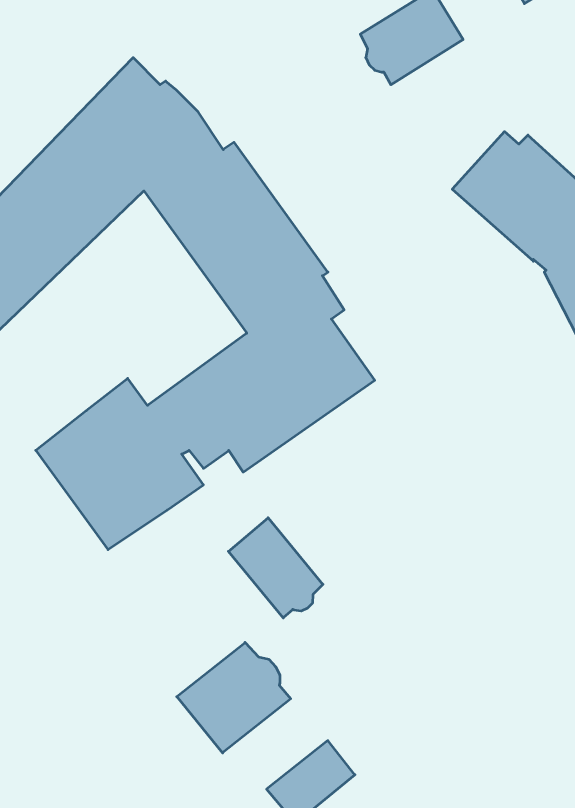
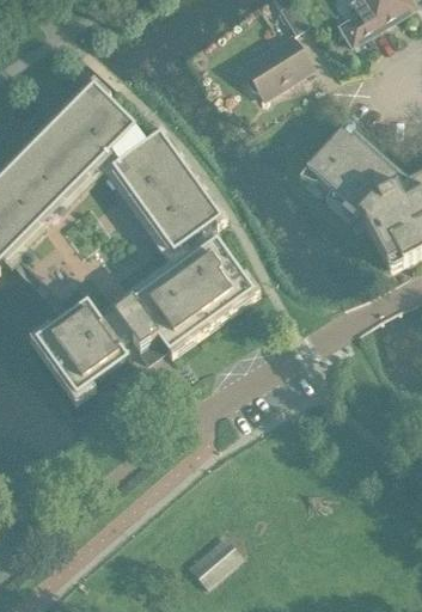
building: [228,518,323,618] -> none
building: [177,642,291,753] -> none

